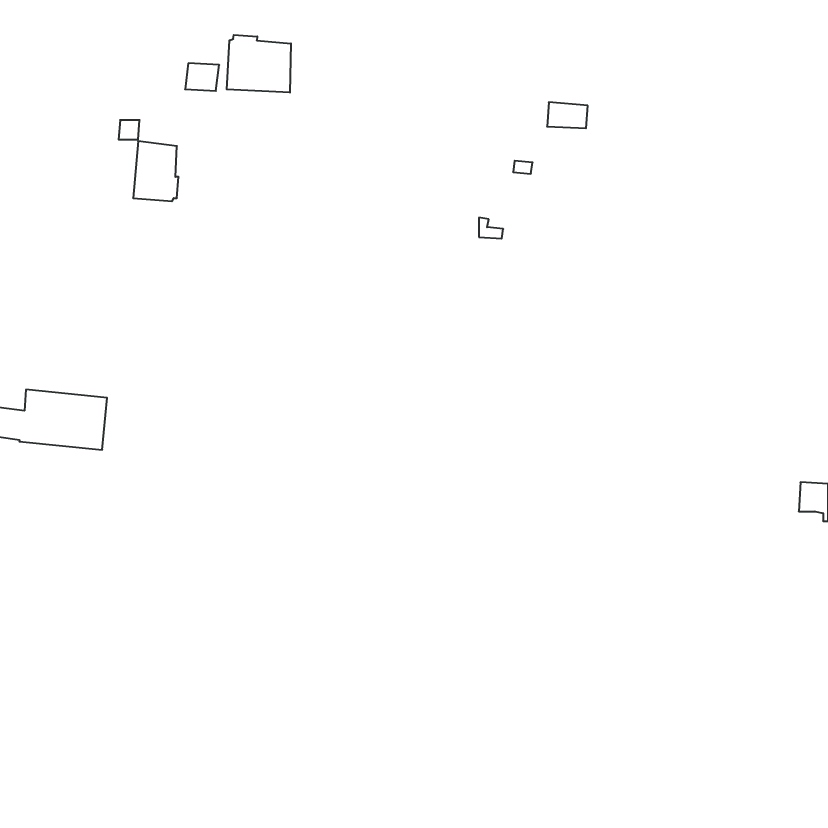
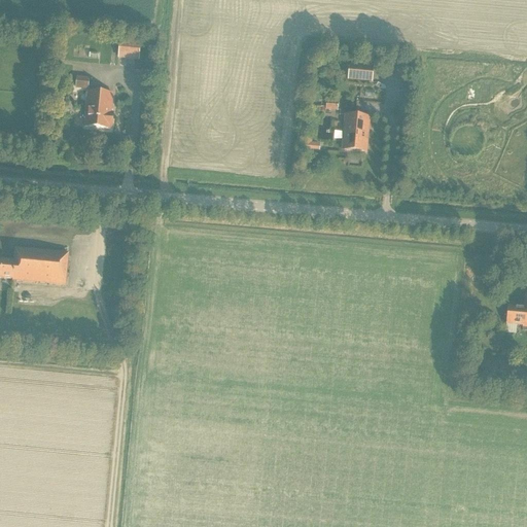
building: [227,35,291,93] -> none
building: none -> [342,114,370,151]

